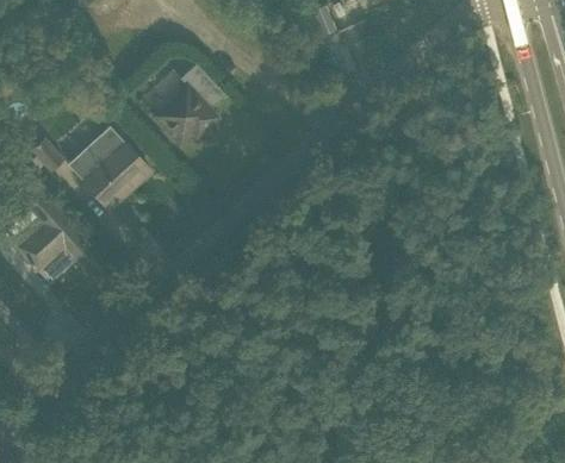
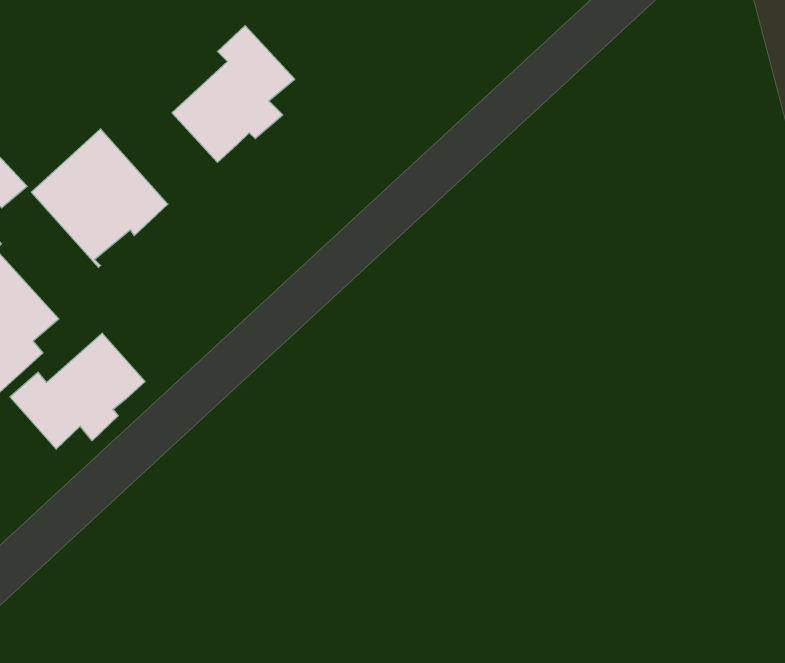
building: none -> [10,333,145,449]

